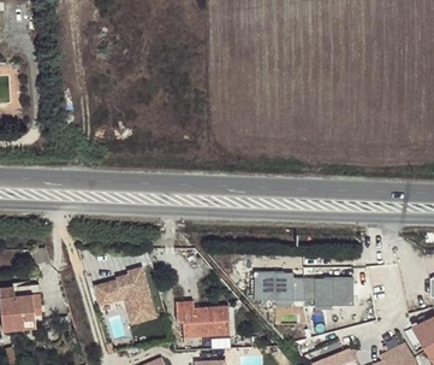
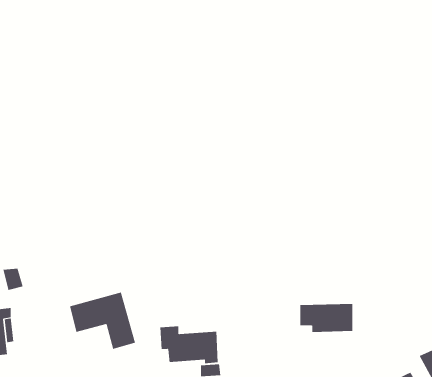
building: [251,272,303,301] -> none

